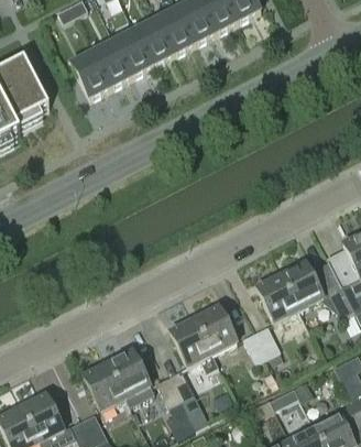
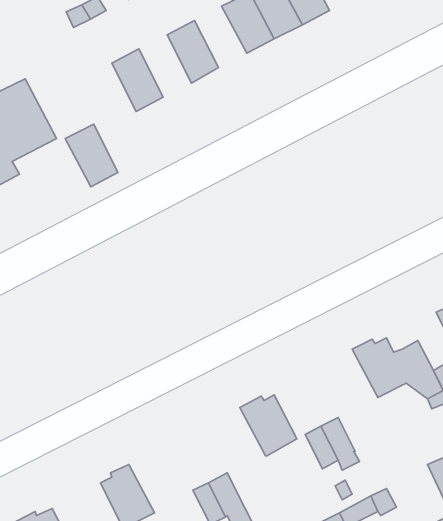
building: [156,7,197,54] -> none
building: [113,29,154,77] -> none
building: [70,51,111,99] -> [65,124,118,187]
building: [256,272,298,323] -> none
building: [169,317,223,379] -> none
building: [106,351,150,399] -> none

